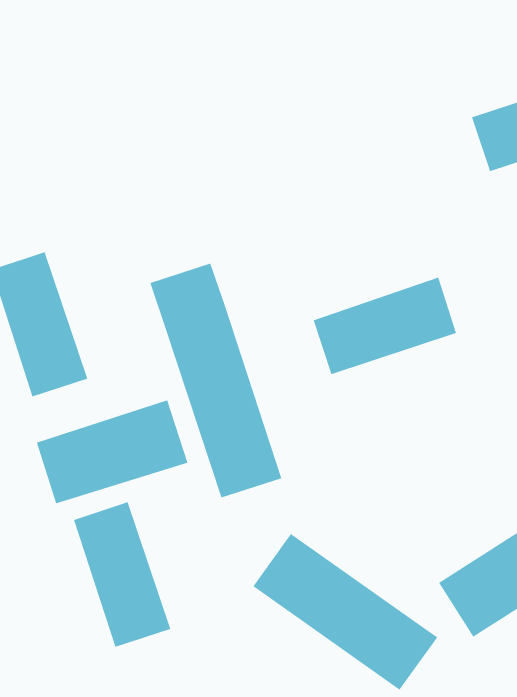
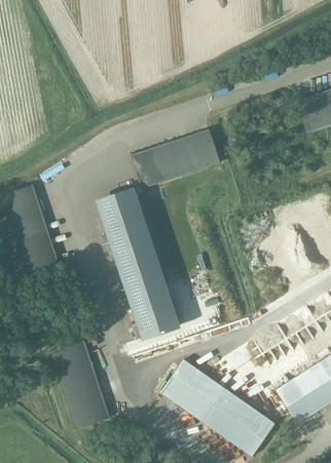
building: [313,277,457,375] -> [131,128,220,189]
building: [36,400,188,504] -> none

